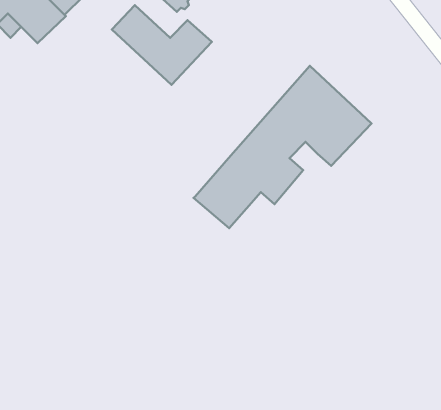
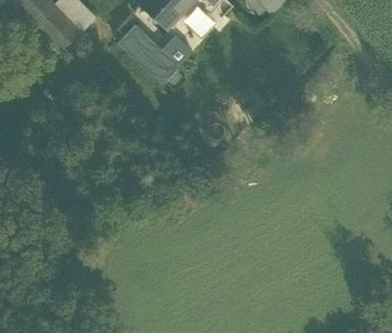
building: [194,66,372,228] -> none

